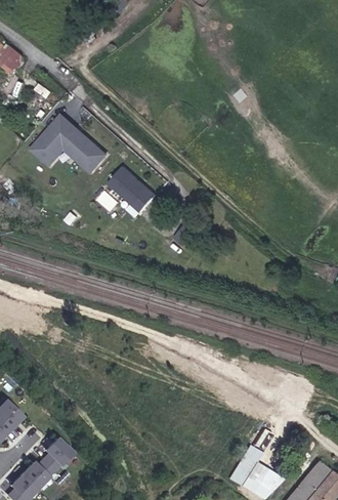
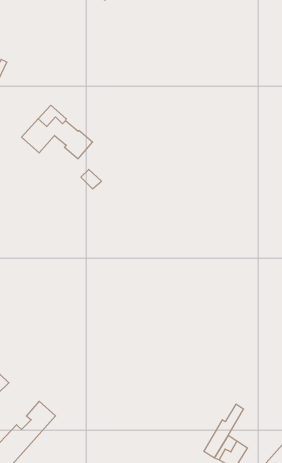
building: [113,170,152,208] -> none

